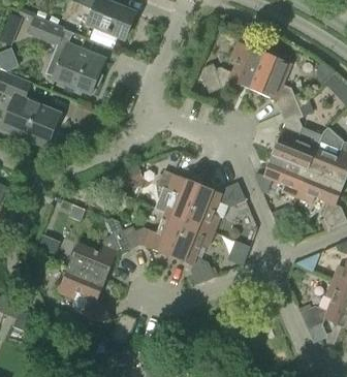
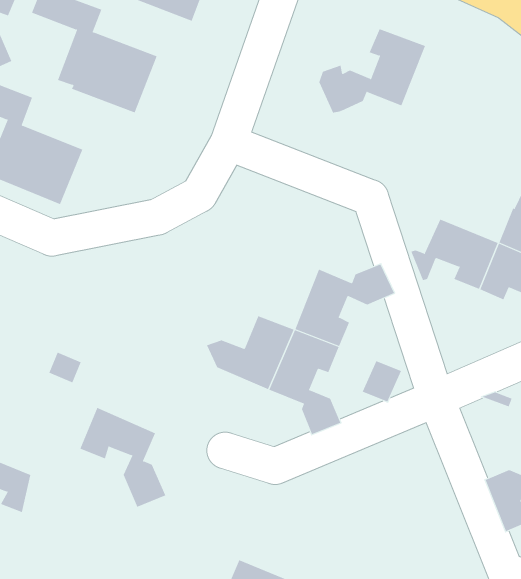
building: [250,52,298,113] -> none
building: [273,117,316,169] -> none
building: [157,169,200,221] -> none
building: [68,216,130,283] -> none

